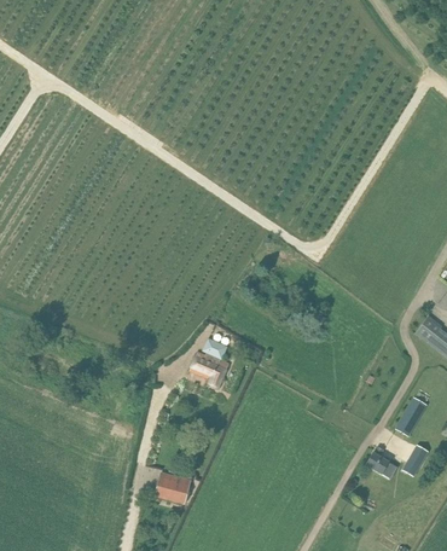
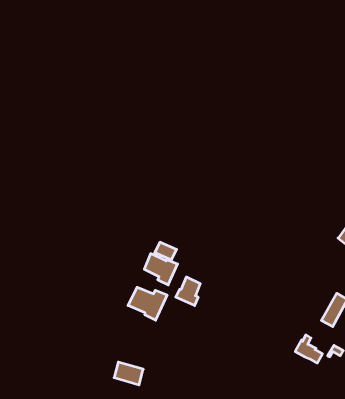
building: none -> [176,277,200,306]
building: none -> [128,287,167,320]

